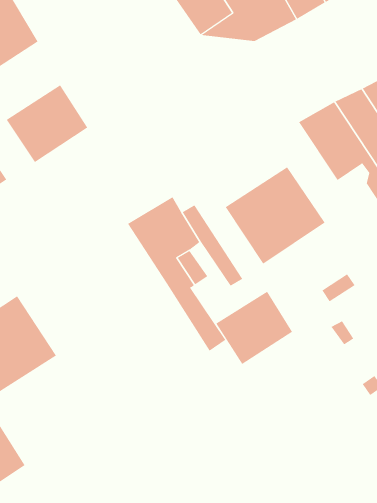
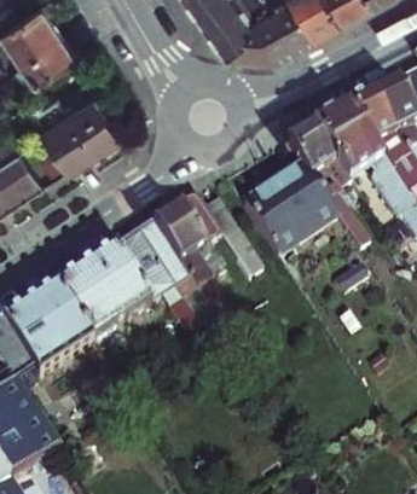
building: none -> [288,127,364,243]
building: none -> [54,221,199,343]
building: [215,291,293,365] -> none

